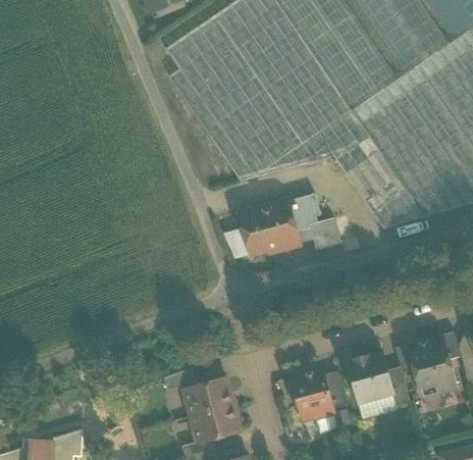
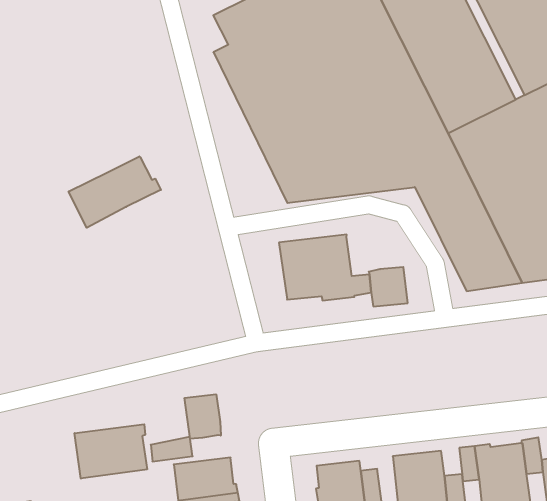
building: none -> [69,156,161,228]
building: [288,194,321,229] -> none
building: none -> [185,394,221,439]
building: none -> [75,424,147,479]

